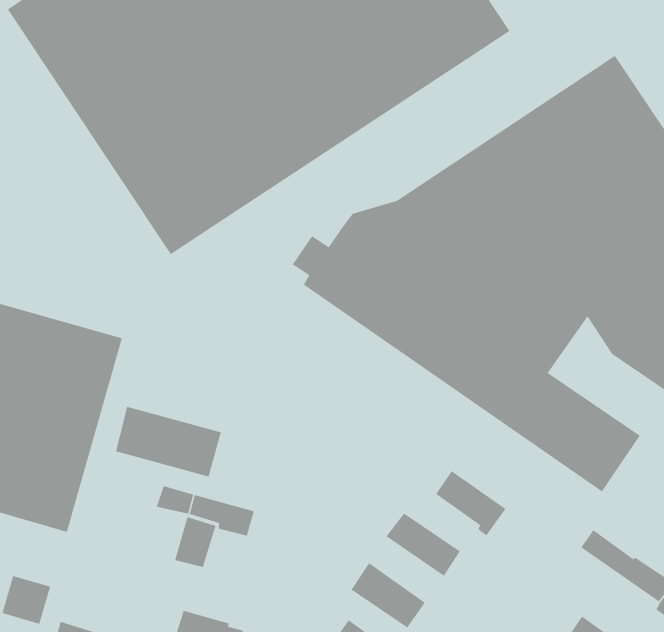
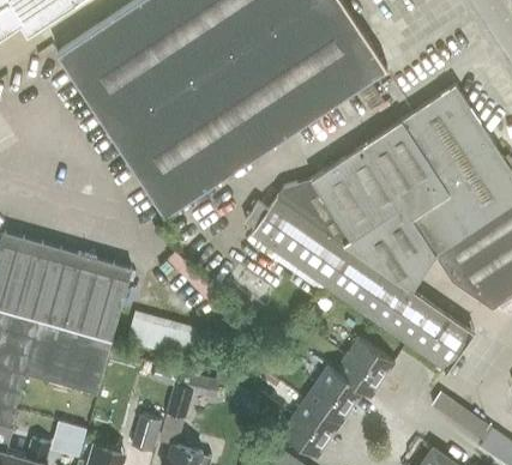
building: none -> [347,339,394,381]
building: none -> [315,366,365,409]
building: none -> [293,399,342,442]
building: none -> [131,417,163,454]

